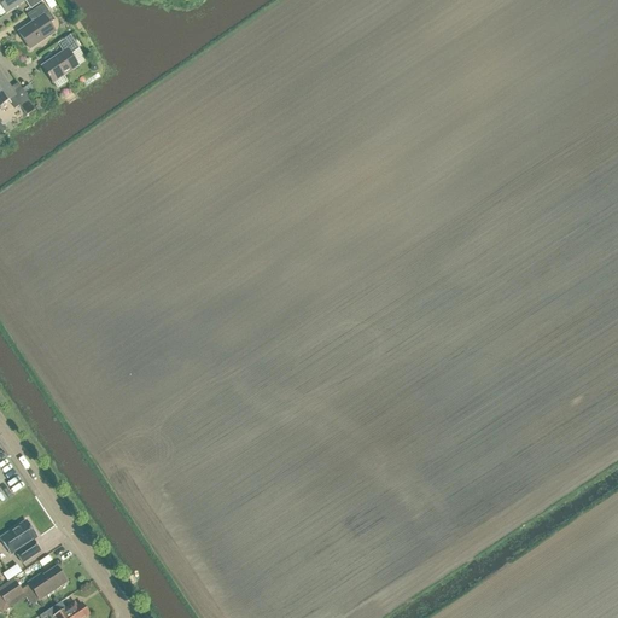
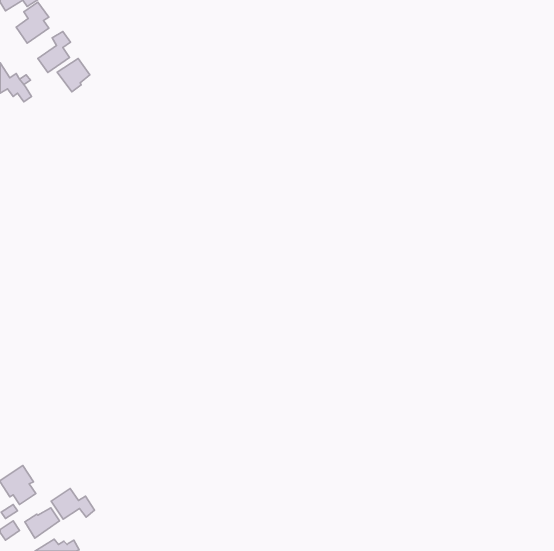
building: none -> [57,58,90,92]
building: none -> [51,488,95,519]

